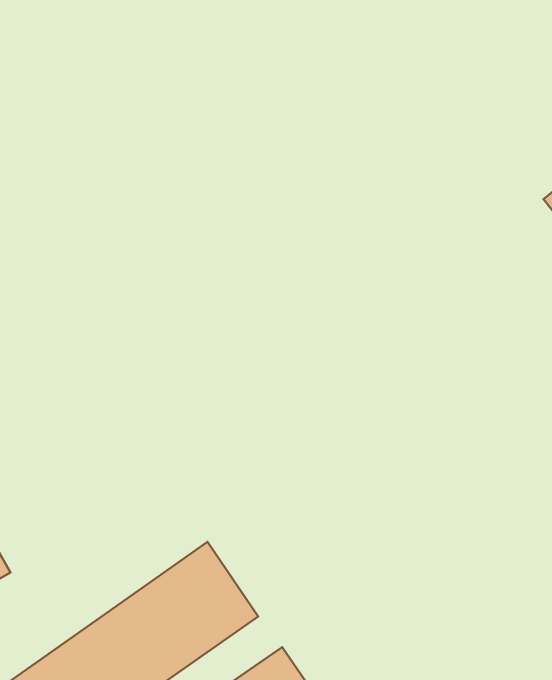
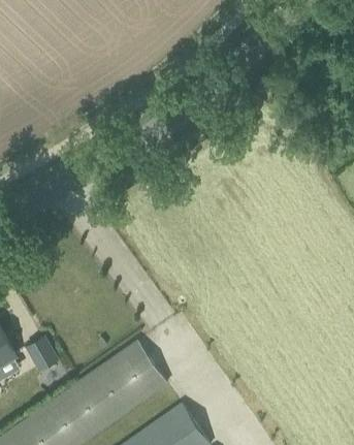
building: none -> [26,337,57,371]

